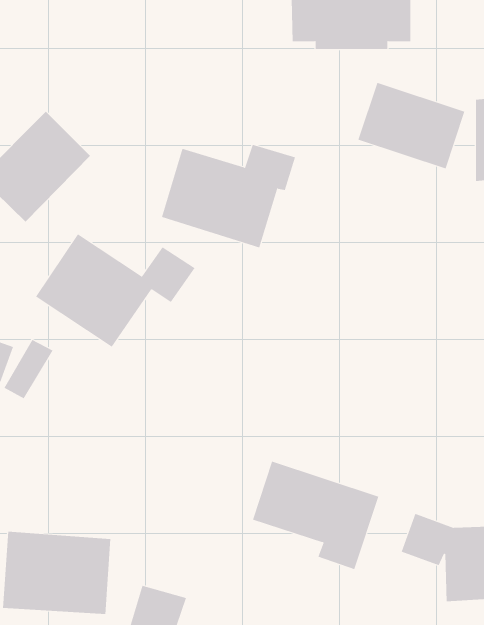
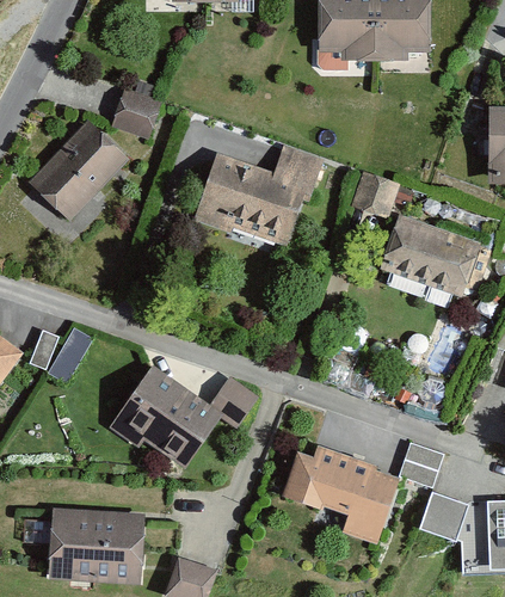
building: none -> [113,88,164,140]
building: [358,82,465,169] -> [380,214,480,295]
building: none -> [351,171,401,219]
building: [35,234,195,348] -> [113,365,263,472]
building: none -> [400,443,443,486]

